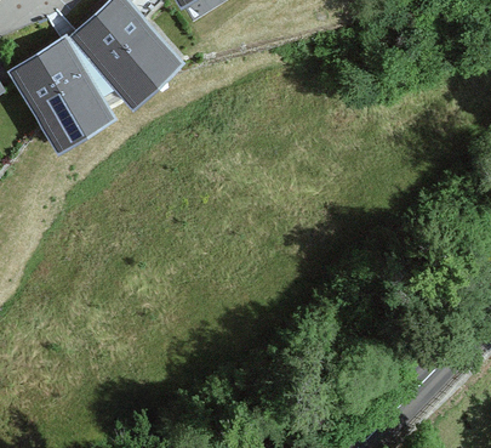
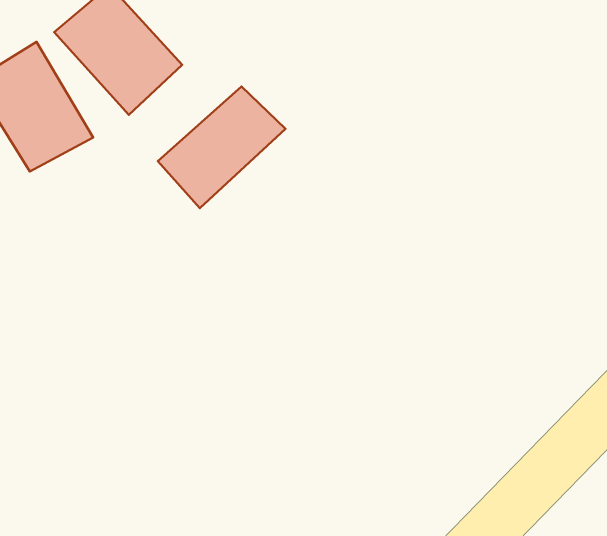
building: none -> [158,87,285,208]

